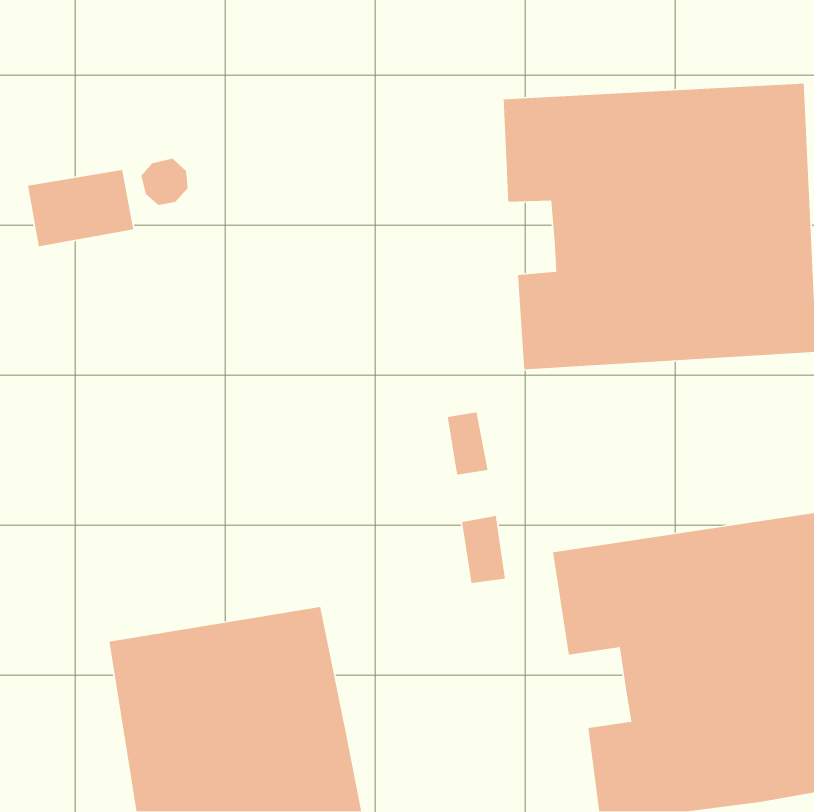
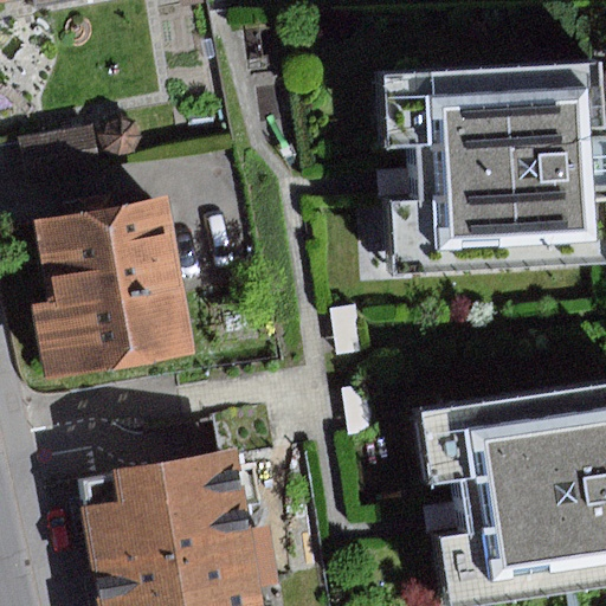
building: none -> [37,193,195,378]

